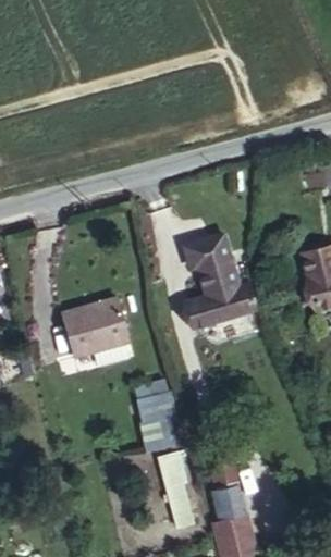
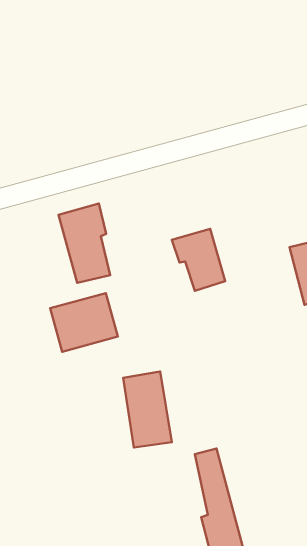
building: none -> [59,204,110,283]
building: [186,283,257,327] -> none
building: [159,451,197,529] -> none

